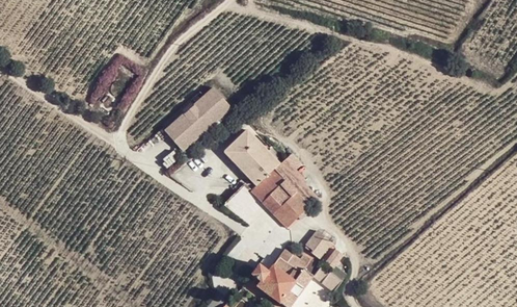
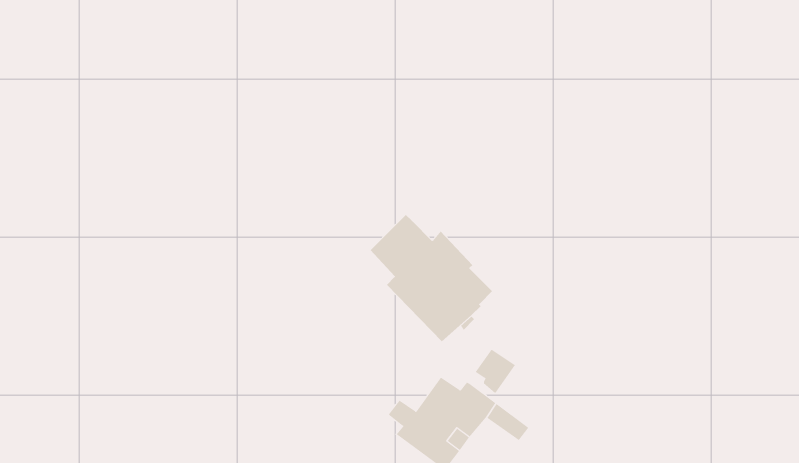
building: [164,86,229,149] -> none
building: [222,129,262,169] -> none

